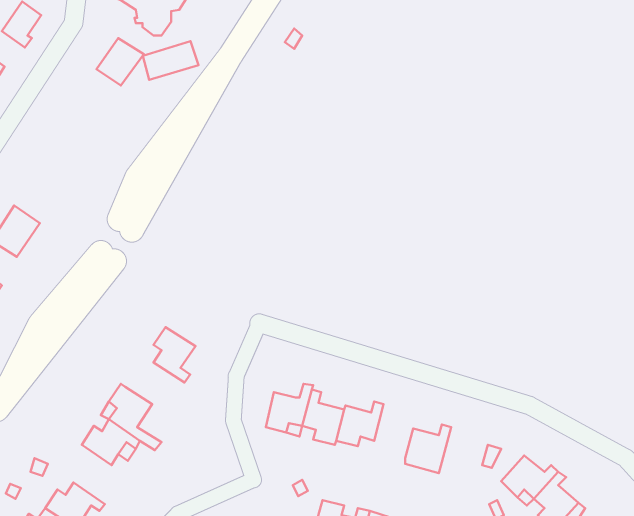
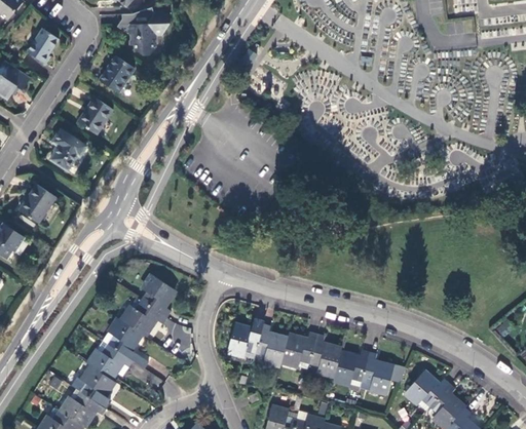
building: [143,41,199,80] -> none
building: none -> [77,98,114,134]
building: none -> [45,129,87,170]
building: none -> [121,303,166,337]
building: none -> [310,335,341,376]
building: none -> [362,352,393,394]
building: none -> [81,367,114,411]

